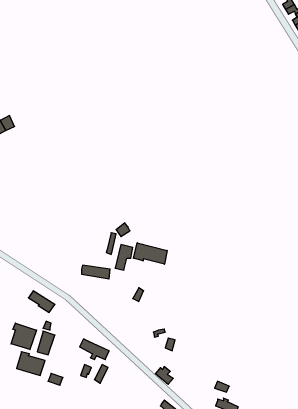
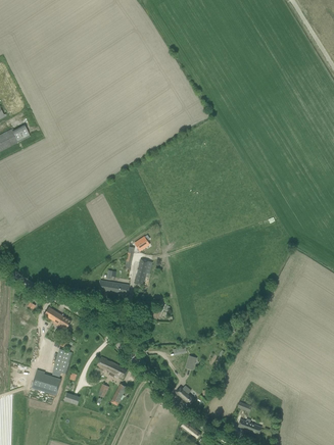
building: [133,243,167,264] -> none
building: [11,323,37,350] -> none

